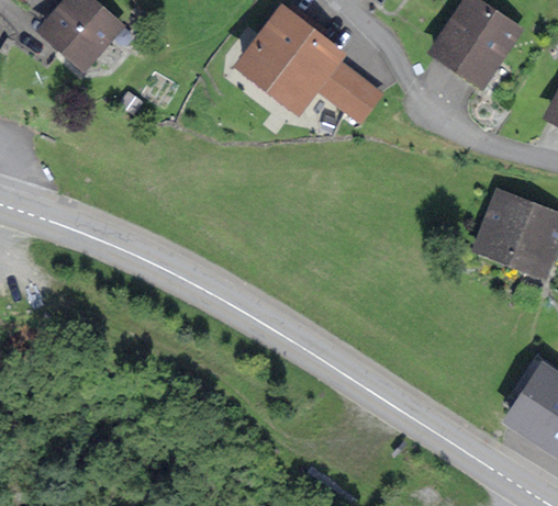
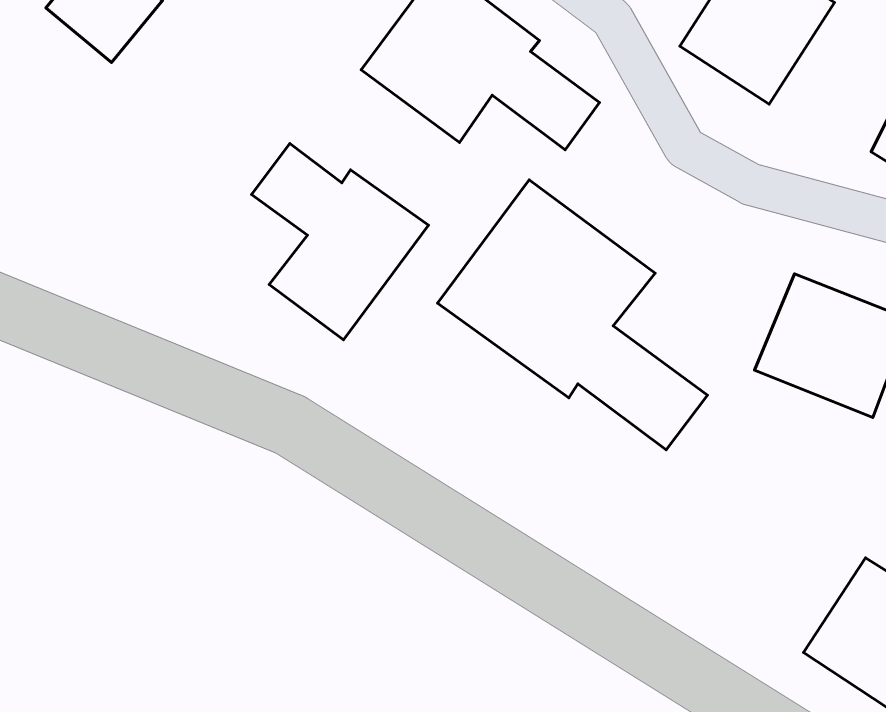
building: none -> [252,144,429,340]
building: none -> [437,180,708,450]

